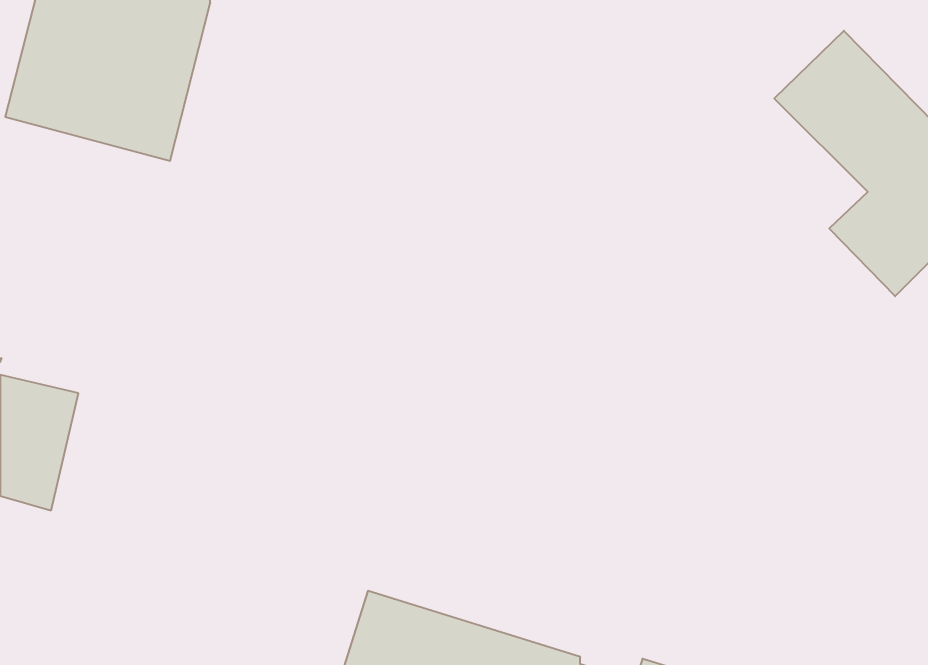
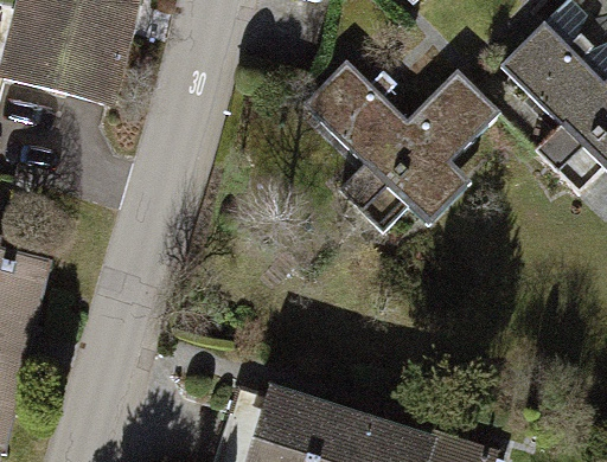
building: none -> [305,62,501,232]

